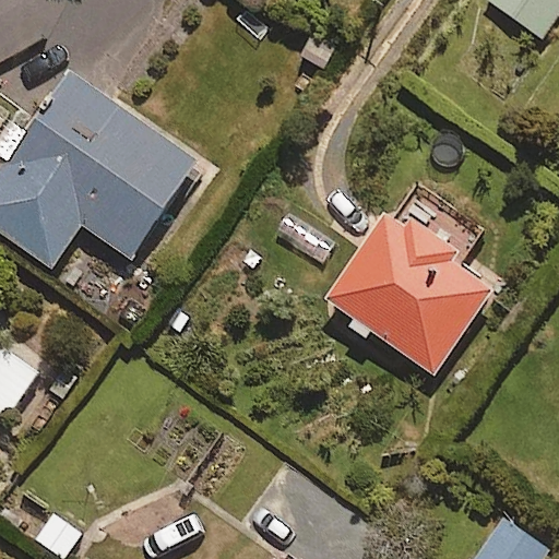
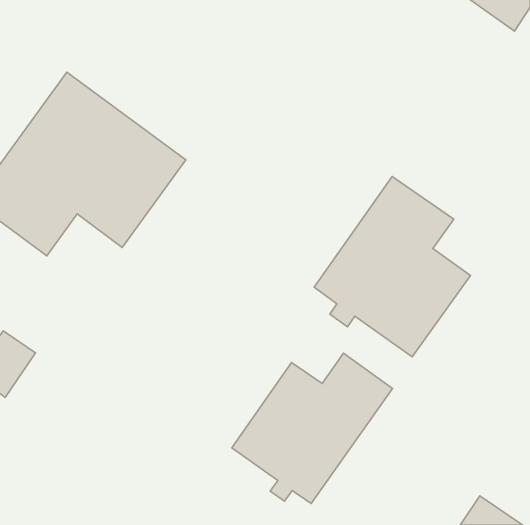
building: none -> [232,353,392,503]

